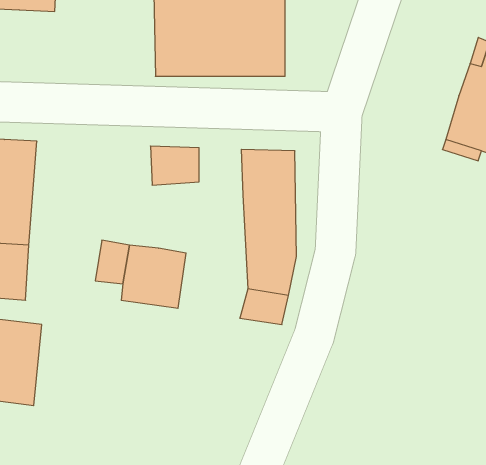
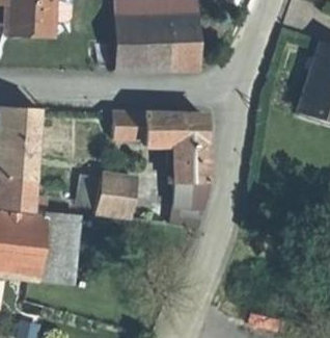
building: none -> [144,113,172,144]
building: none -> [38,214,76,283]

